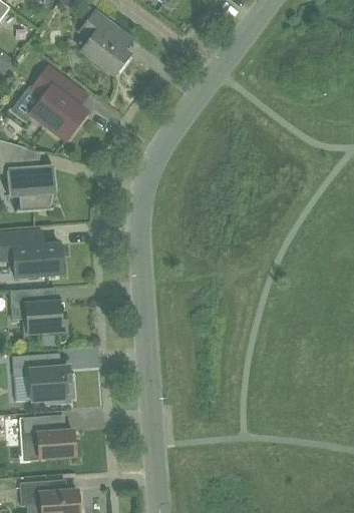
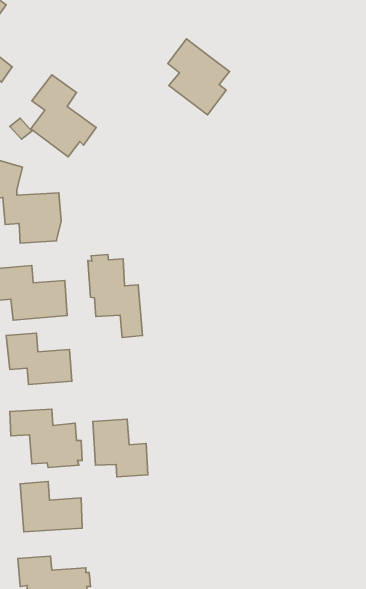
building: [78,9,131,74] -> [168,39,230,115]
building: none -> [88,254,142,338]
building: none -> [93,419,148,477]

